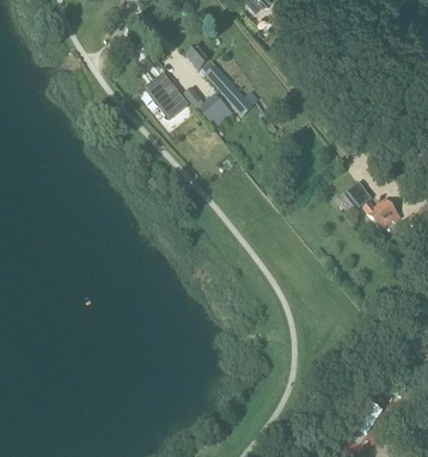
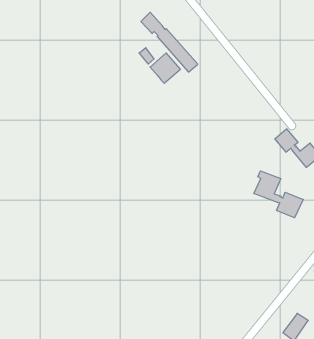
building: [145,59,190,122] -> none
building: none -> [254,171,303,218]

